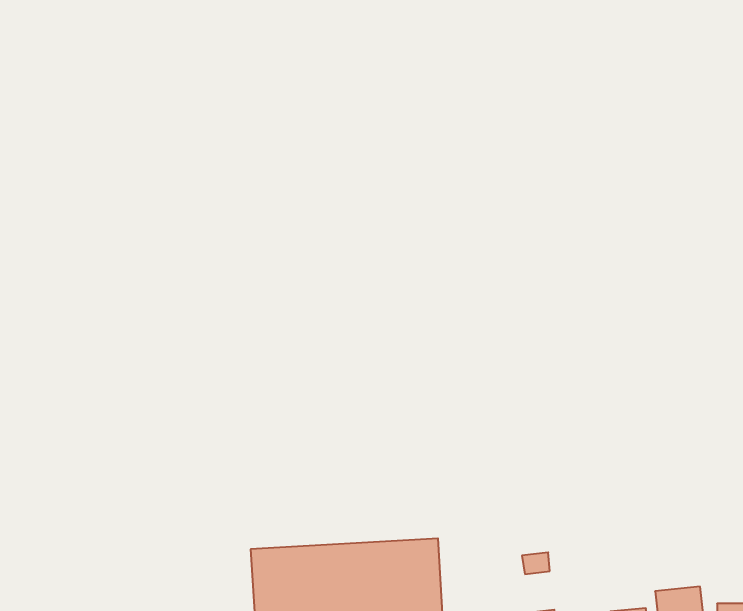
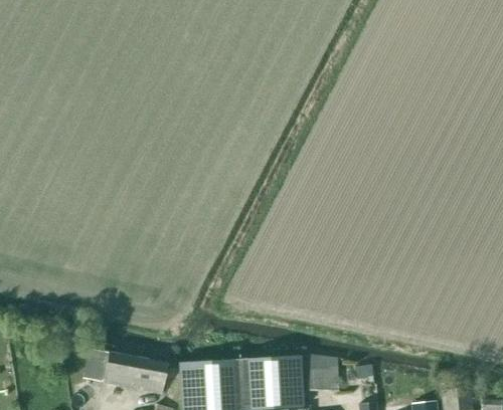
building: none -> [82,349,168,395]
building: none -> [309,355,339,391]

